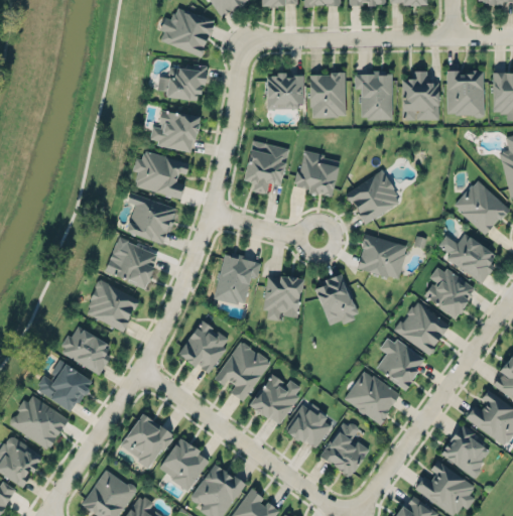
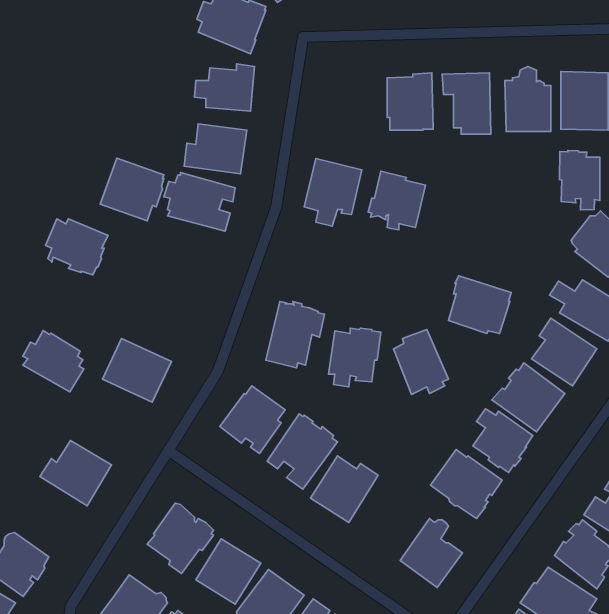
building: [267,70,303,109] -> none
building: none -> [560,150,600,210]
building: [345,170,399,224] -> none
building: [126,194,176,243] -> [100,158,164,221]
building: [109,242,158,286] -> [45,219,108,275]
building: [62,326,111,374] -> [23,331,84,392]
building: [10,395,69,448] -> none
building: [285,403,332,448] -> none

